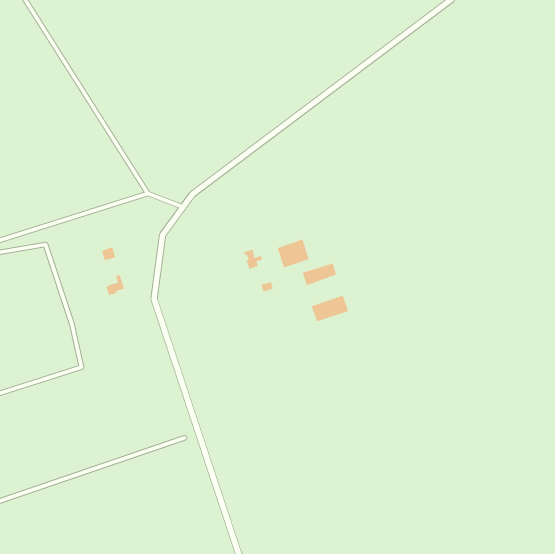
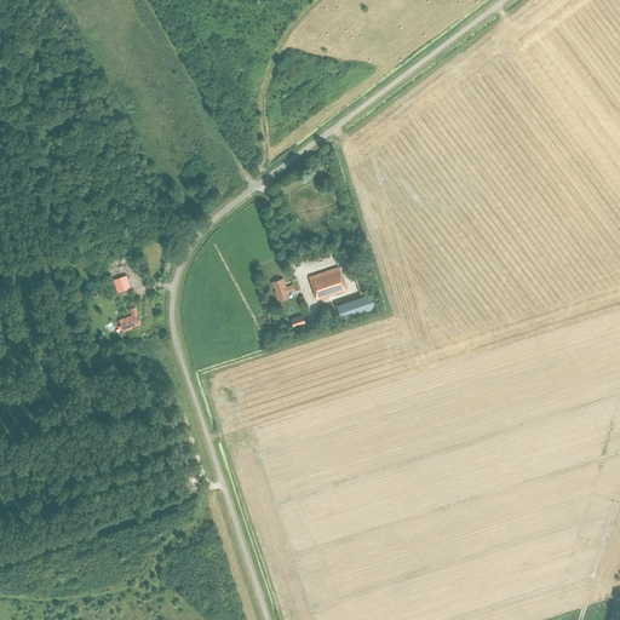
building: [311,295,349,322] -> none

